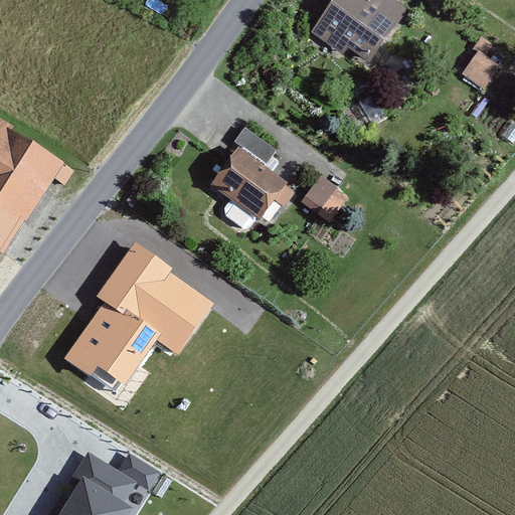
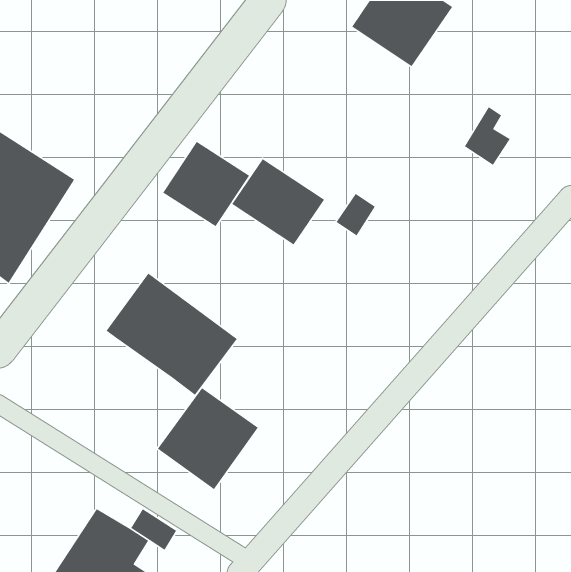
building: [458,35,500,89] -> [464,106,511,166]
building: none -> [162,141,250,227]
building: [62,304,154,396] -> [157,387,259,490]

